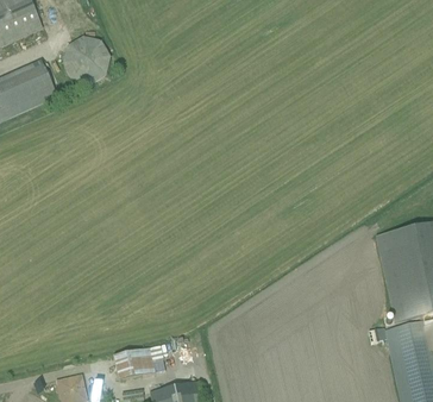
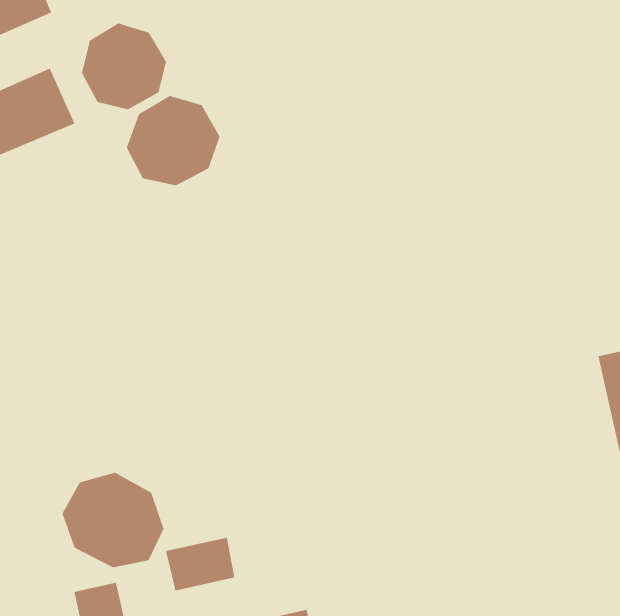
building: none -> [126,95,220,186]
building: none -> [61,472,165,568]

